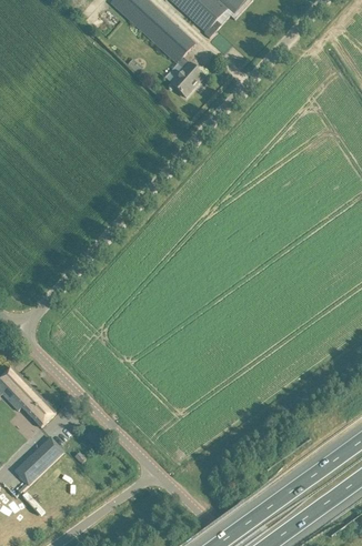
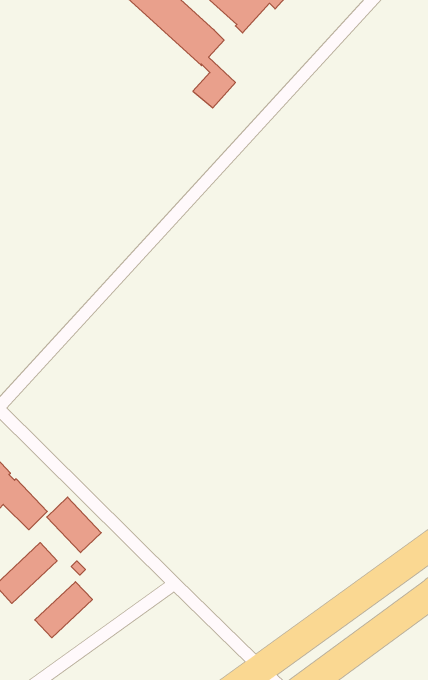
building: none -> [47,497,101,553]
building: none -> [35,582,92,638]

